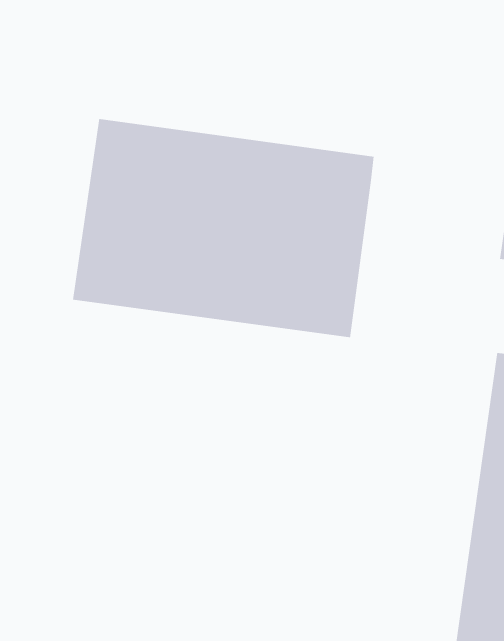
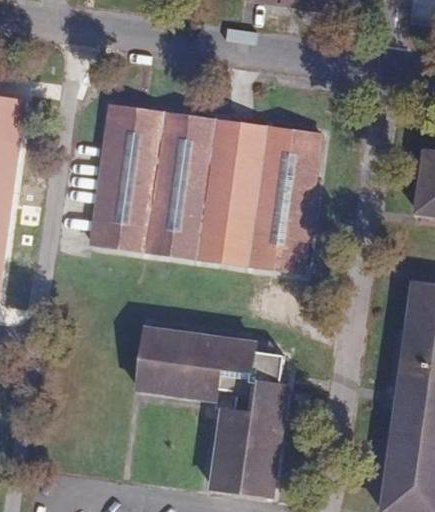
building: none -> [137,329,286,496]

